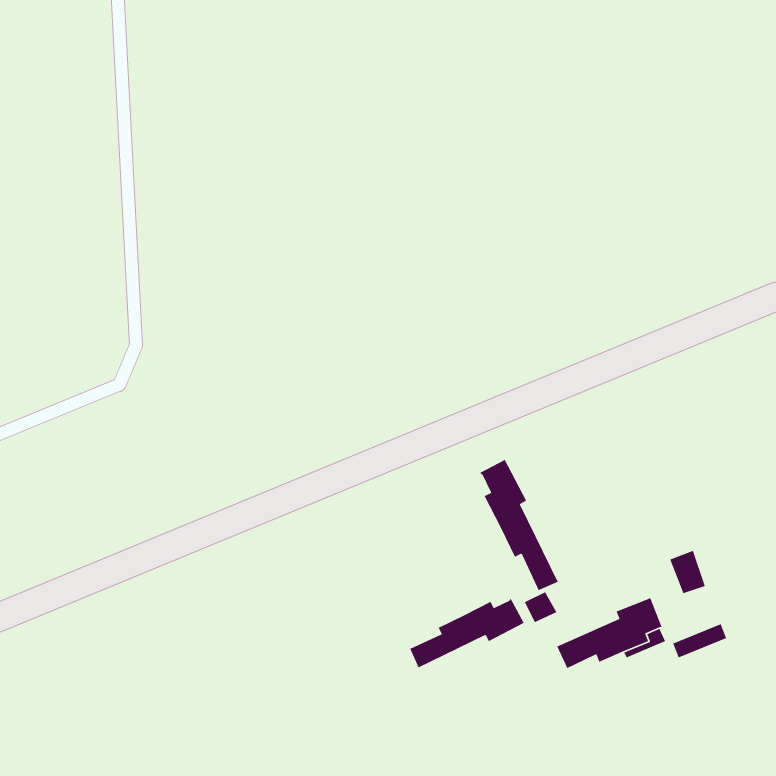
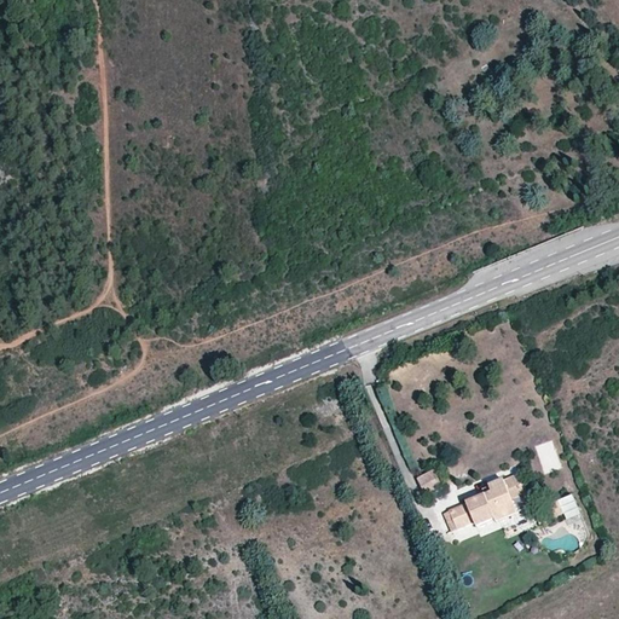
building: [479,459,559,591] -> none
building: [409,598,525,669] -> none

